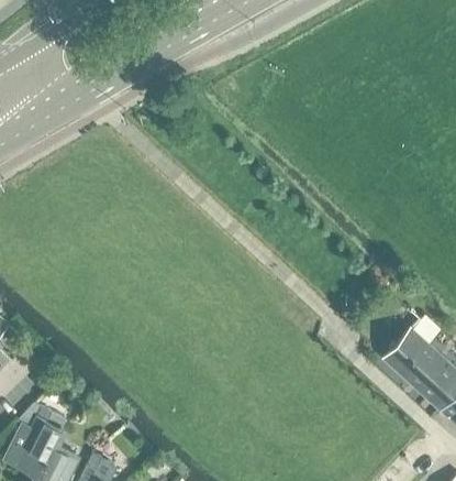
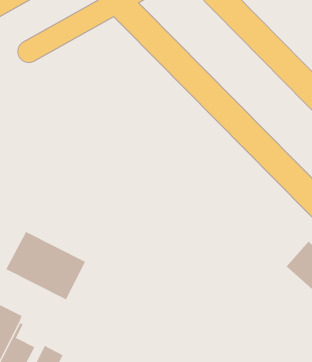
building: none -> [6,231,86,300]

